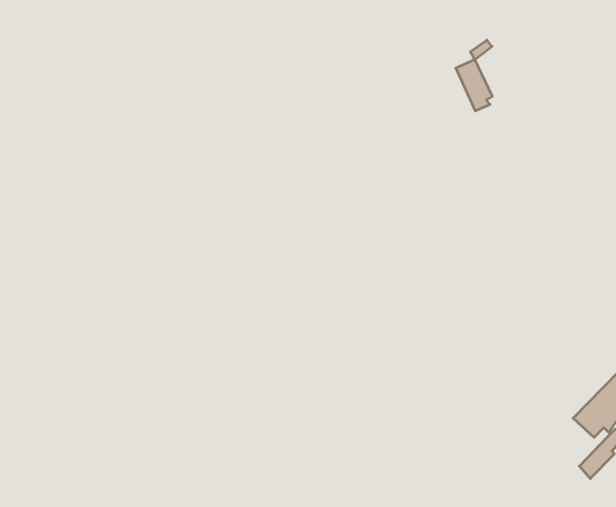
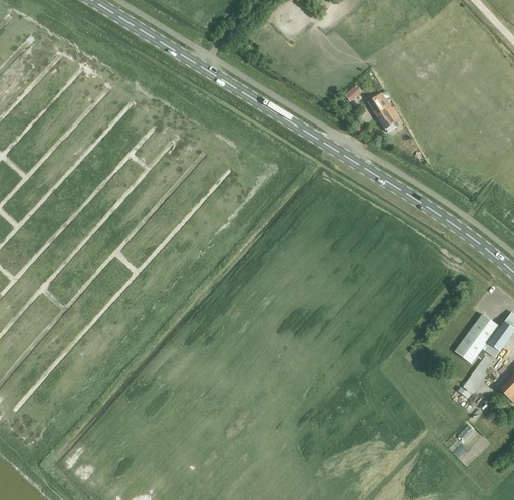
building: [456,59,492,111] -> [368,93,398,131]

